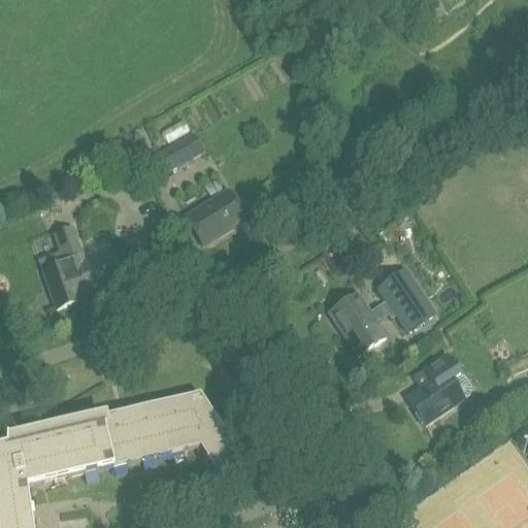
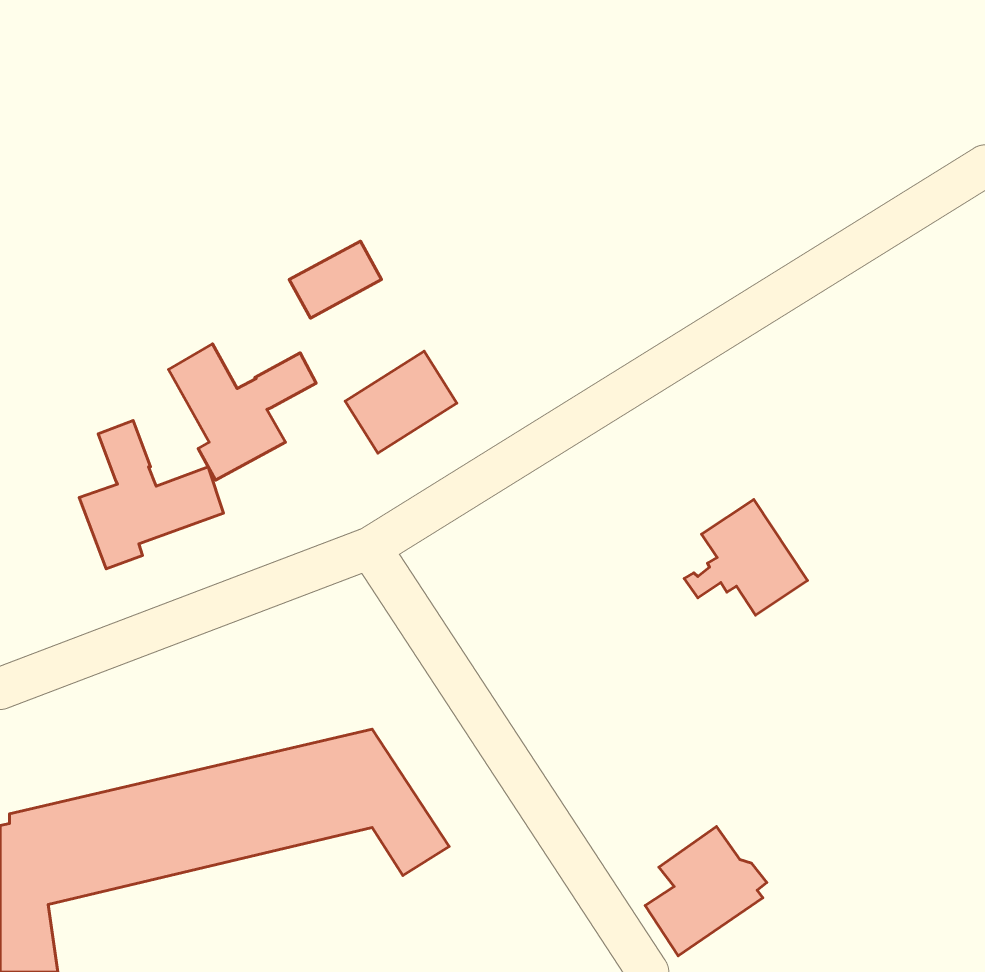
building: none -> [168,344,316,480]
building: [329,292,384,352] -> none
building: [406,353,471,422] -> [645,827,767,956]

